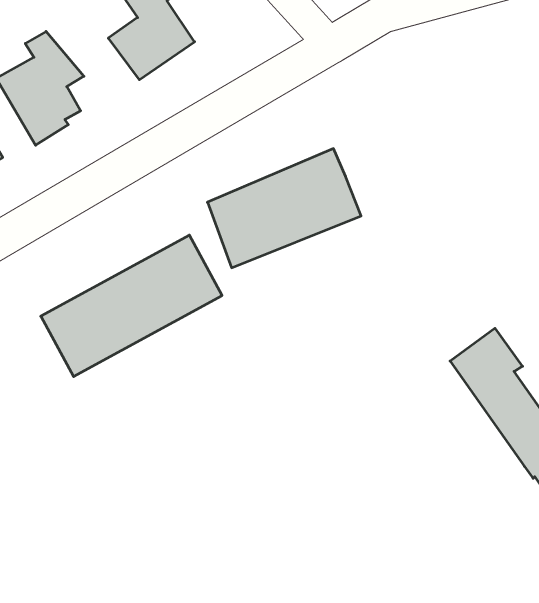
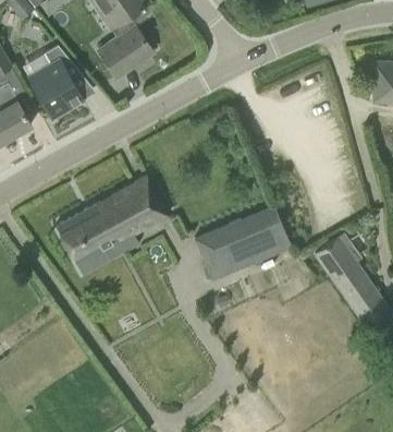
building: [207,149,361,268] -> [195,204,292,279]

